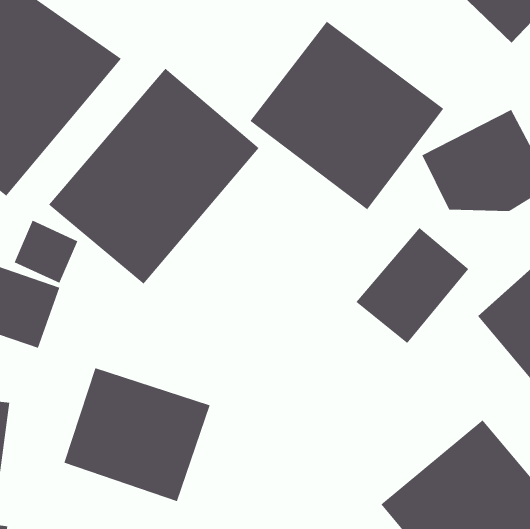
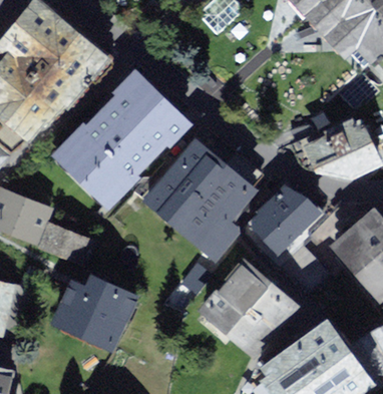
building: [250,21,444,210] -> [139,137,268,264]
building: [14,220,78,284] -> [37,221,80,264]
building: none -> [192,258,297,362]

